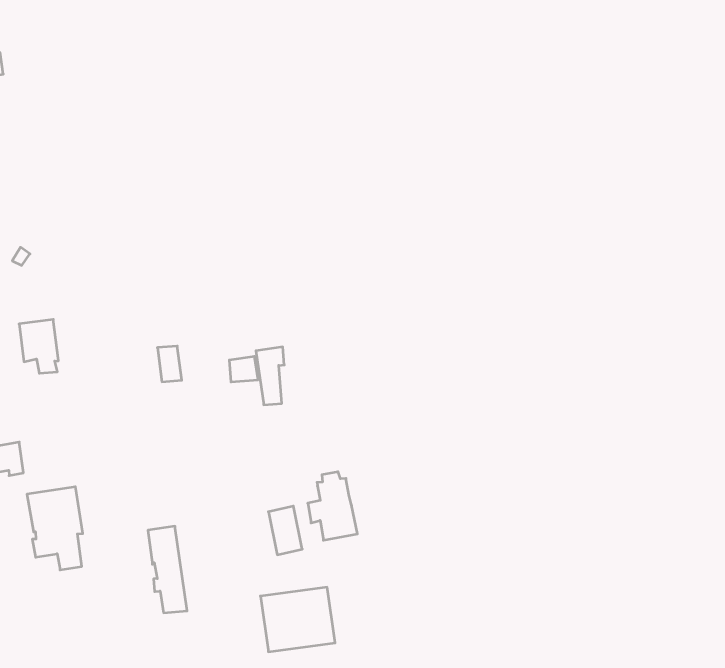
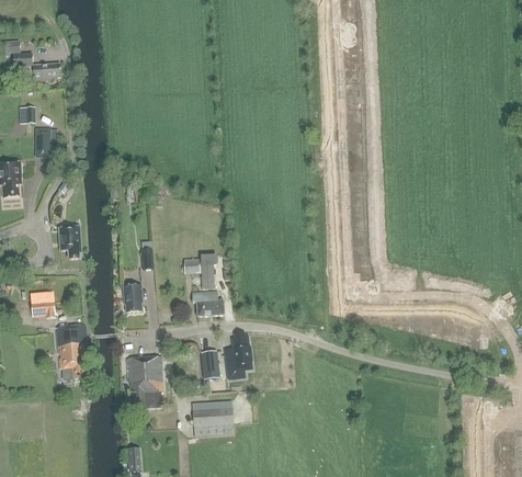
building: none -> [191,289,223,314]
building: none -> [124,284,143,310]
building: none -> [143,355,161,407]

